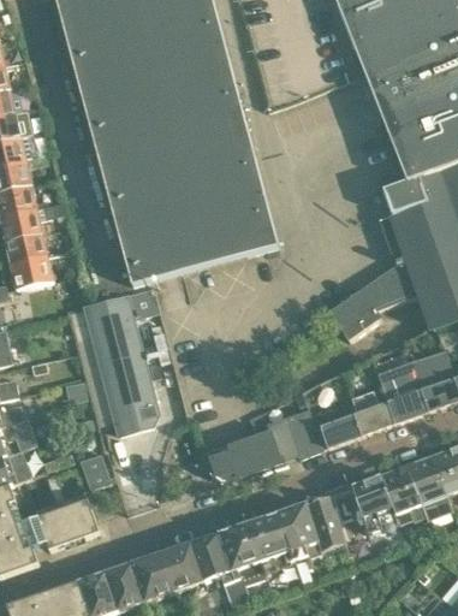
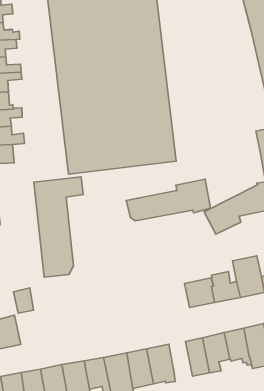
building: [201,409,320,481] -> [126,179,211,221]
building: [304,496,344,550] -> none

